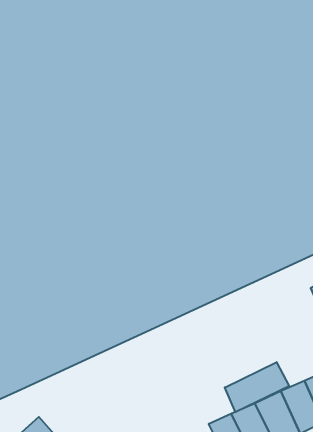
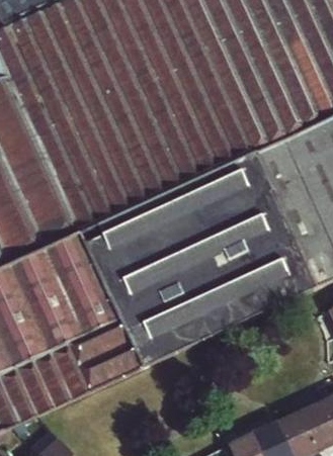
building: [225,362,289,412] -> none

